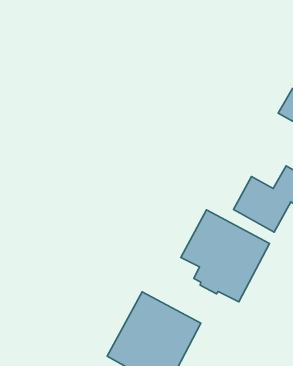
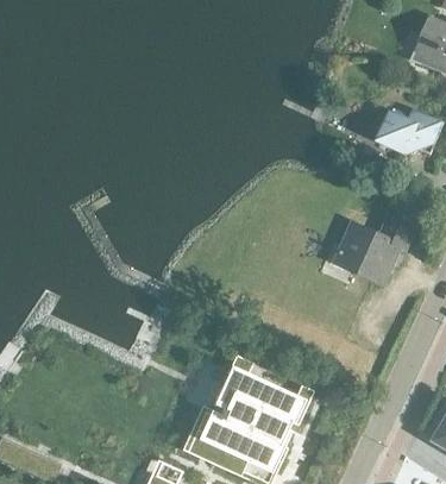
building: [181,210,270,302] -> none

